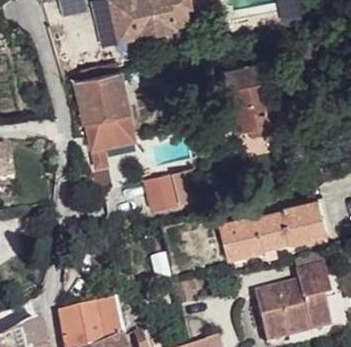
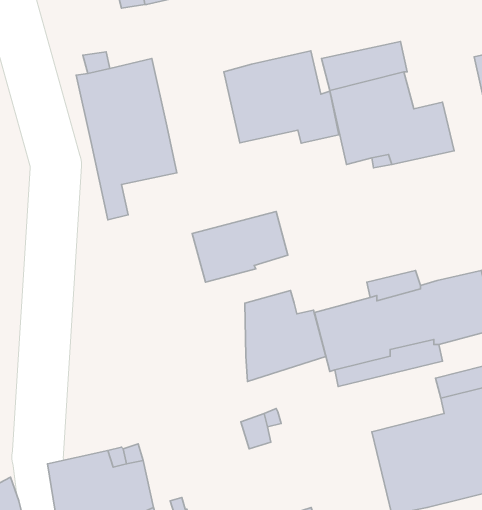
building: none -> [224,51,339,143]
building: none -> [245,291,326,381]

